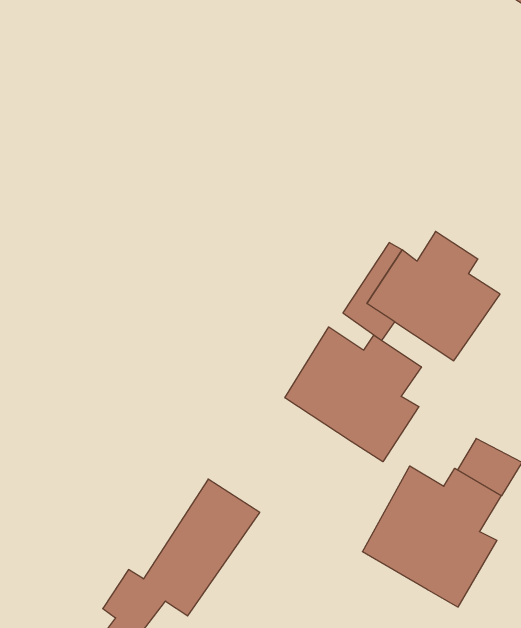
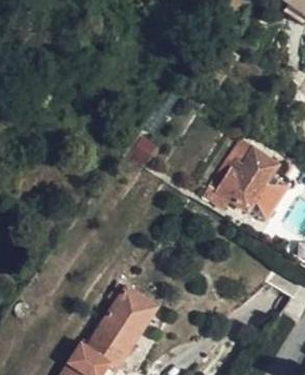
building: [285,327,421,462] -> none
building: [362,466,501,607] -> none

